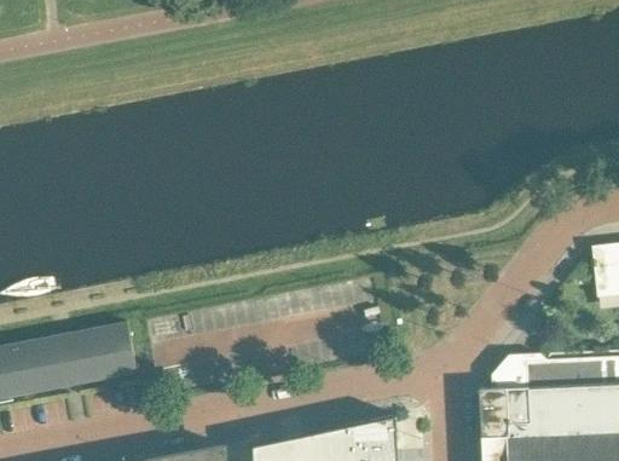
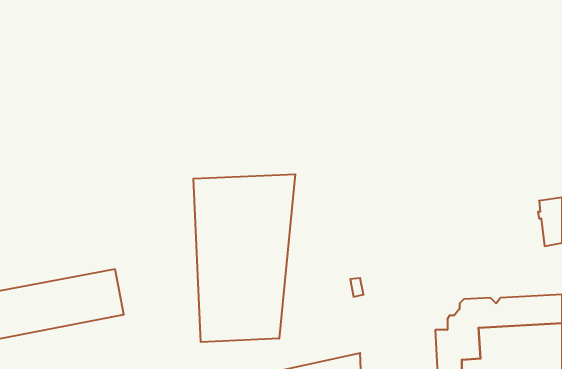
building: none -> [193,174,295,342]

